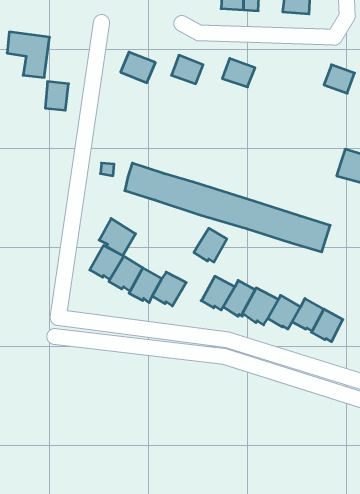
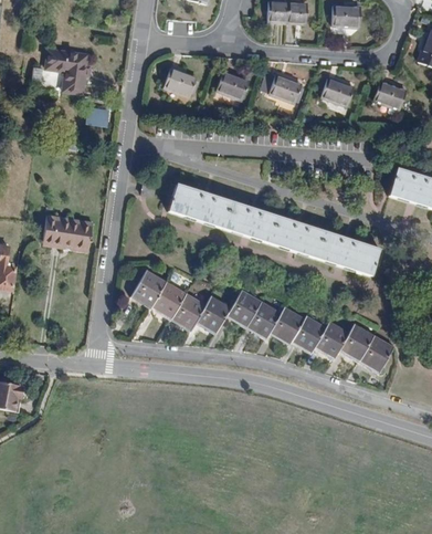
building: none -> [320,76,354,106]
building: none -> [42,213,93,251]
building: [99,218,136,256] -> none
building: [194,228,227,262] -> [226,290,261,325]

